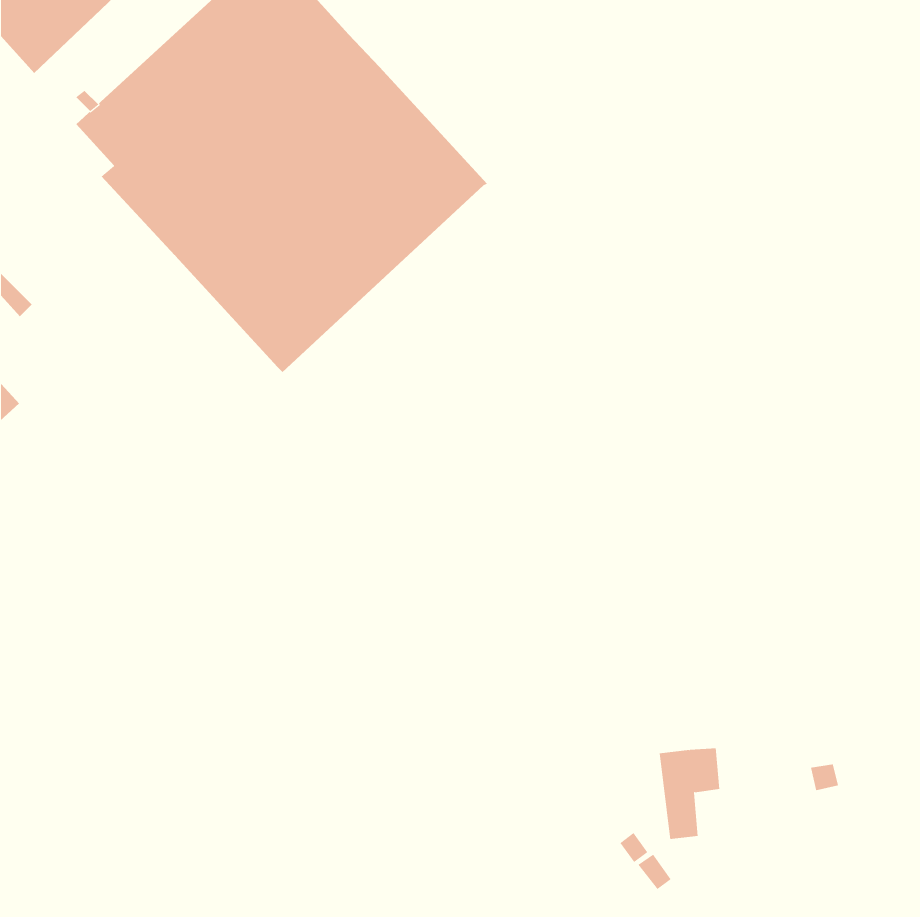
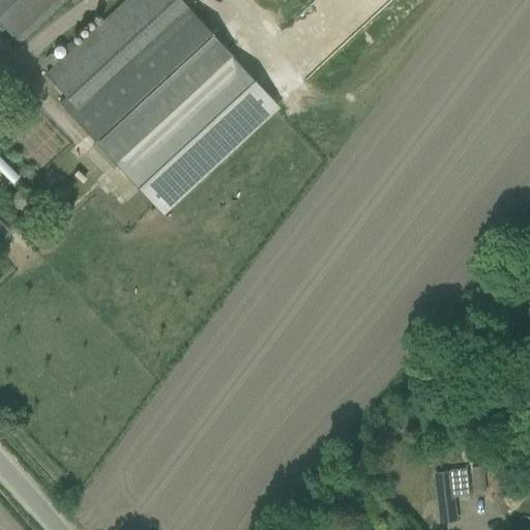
building: [659,748,720,840] -> [435,468,470,521]

